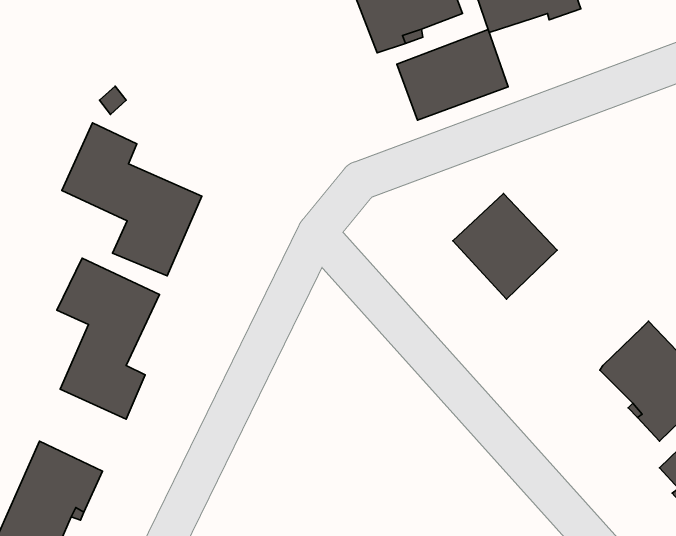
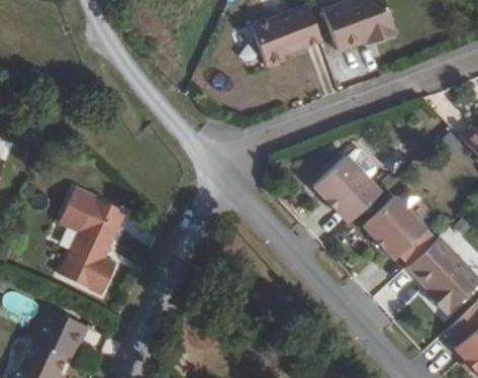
building: [397,30,508,120] -> none
building: [62,123,202,276] -> none
building: none -> [362,193,434,262]

